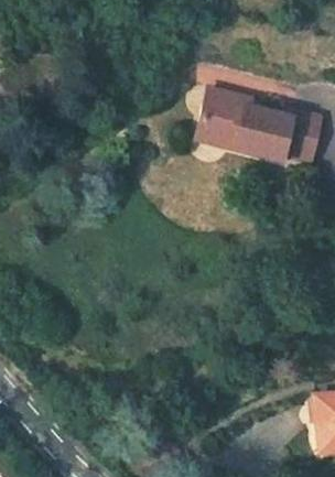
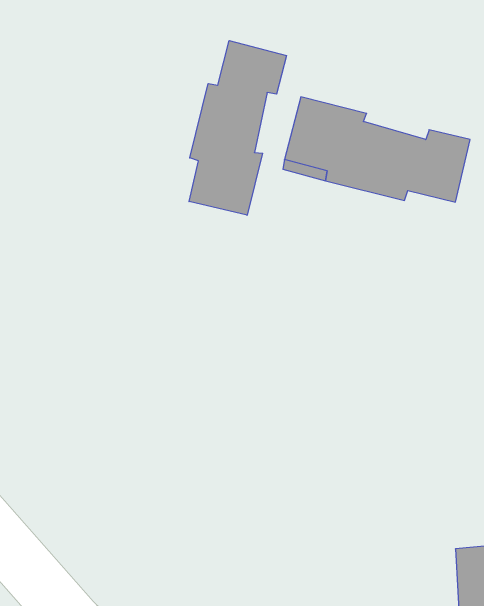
building: none -> [189,41,287,215]

